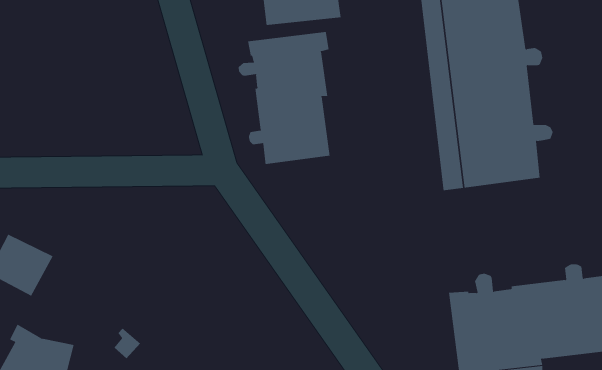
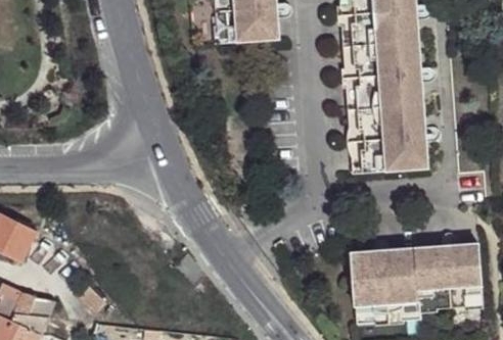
building: [238,31,330,165] -> none

